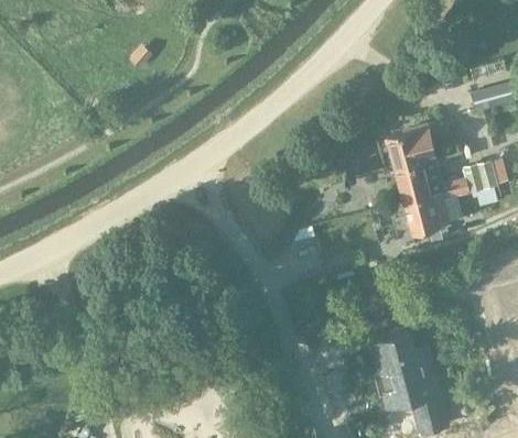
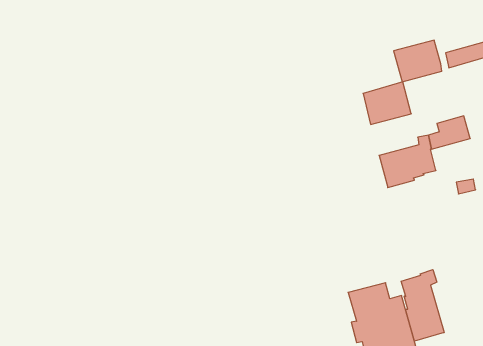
building: [392,157,442,200] -> [394,40,442,82]
building: none -> [401,270,444,341]

